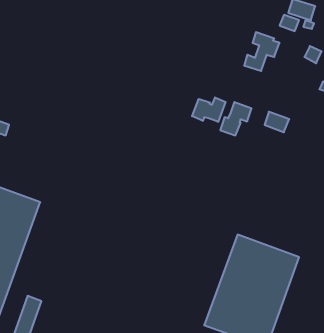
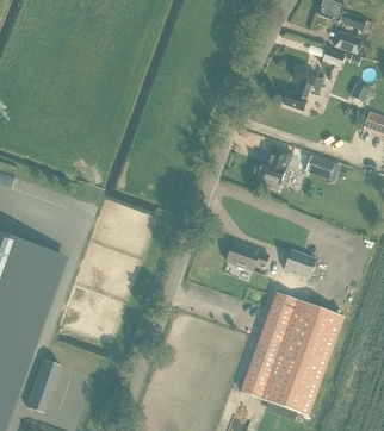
building: [192,97,226,122] -> none
building: none -> [227,243,268,270]
building: none -> [284,249,316,277]

